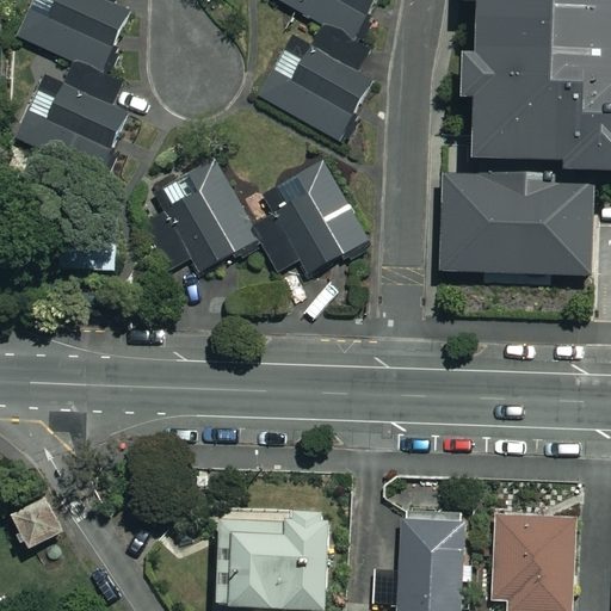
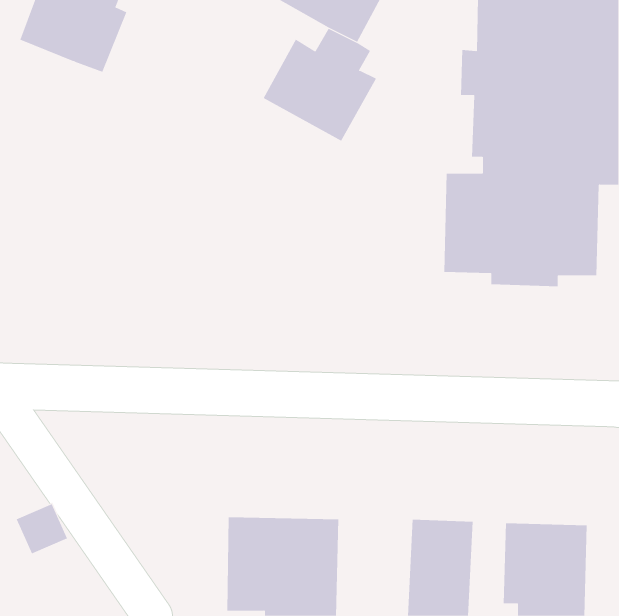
building: [18,61,123,169] -> none
building: [272,163,366,277] -> none
building: [152,180,257,282] -> none

